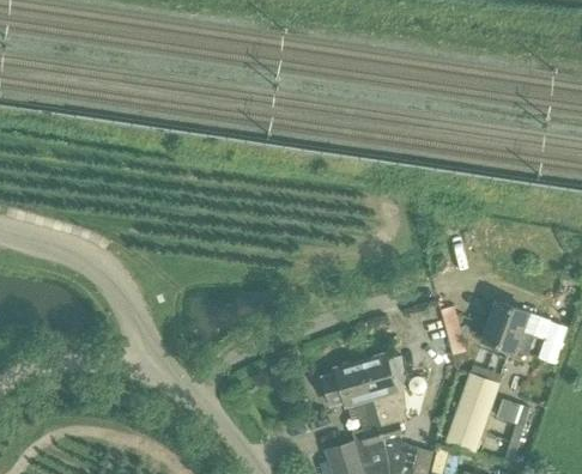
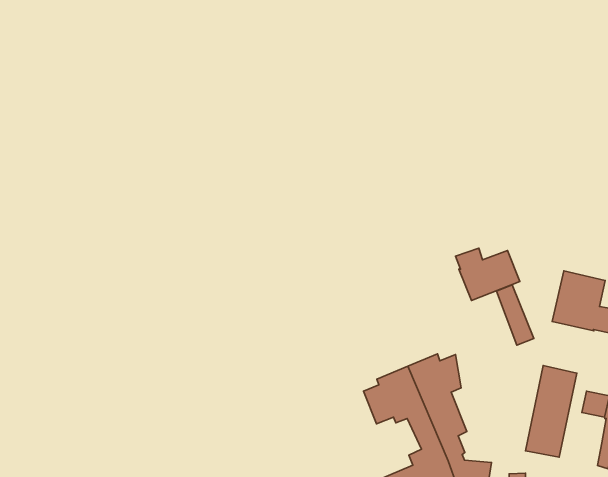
building: none -> [455,248,520,300]

